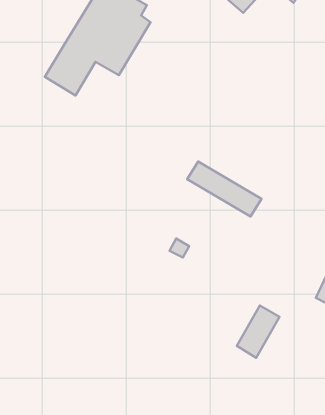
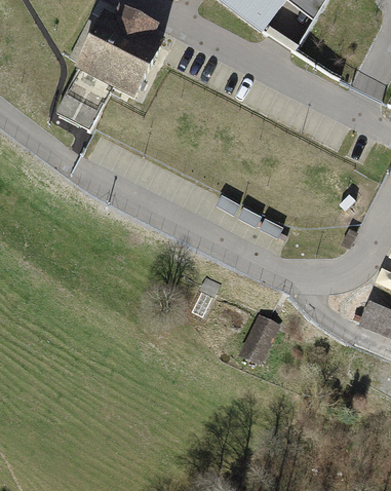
building: [237,306,280,358] -> [236,311,279,367]

